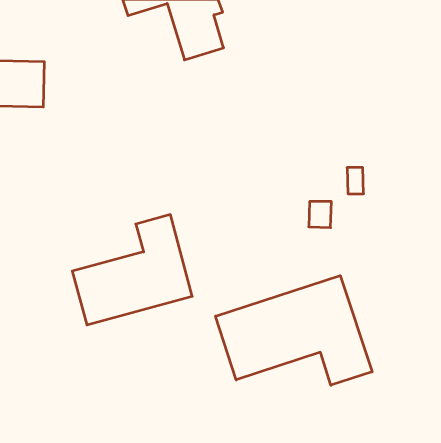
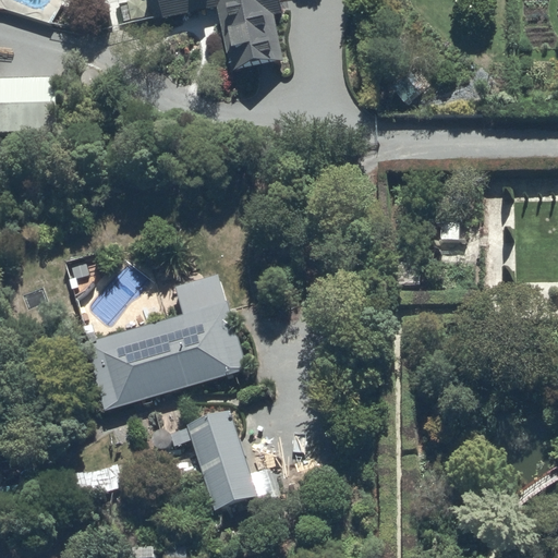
building: [216,276,372,385] -> none
building: none -> [181,407,262,514]

